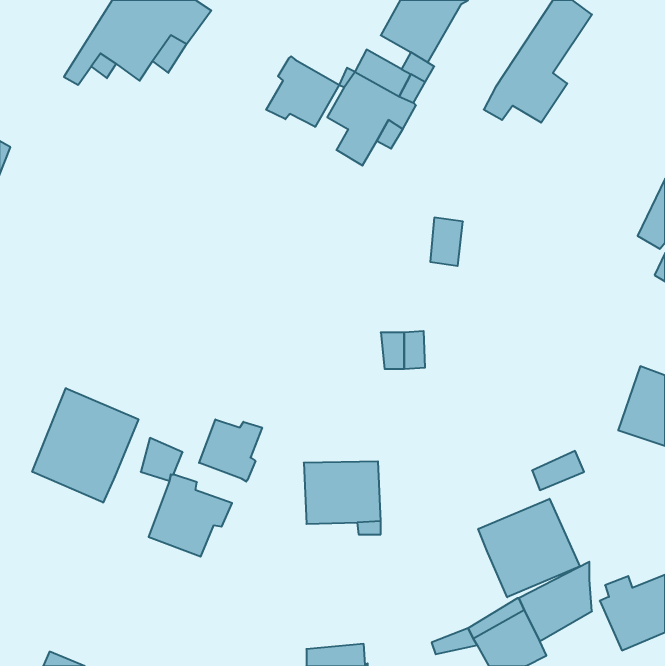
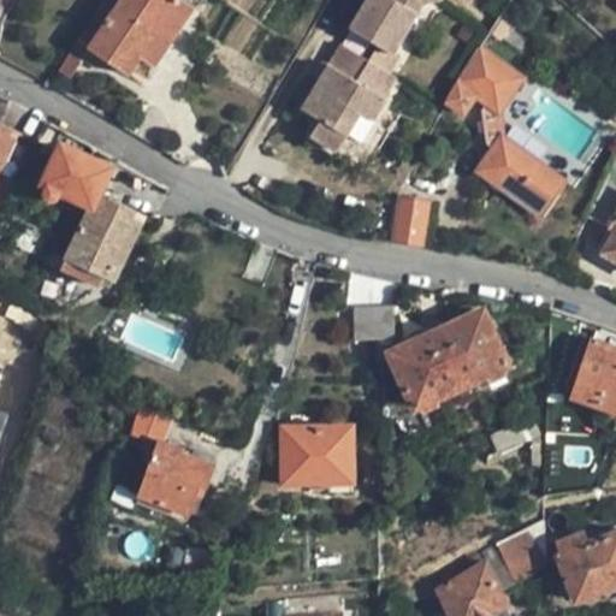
building: [266,56,339,127] -> none
building: none -> [470,130,568,221]
building: none -> [42,143,143,288]
building: none -> [389,309,508,408]
building: [32,388,138,503] -> none
building: [199,419,262,482] -> none
building: [478,499,580,597] -> none

